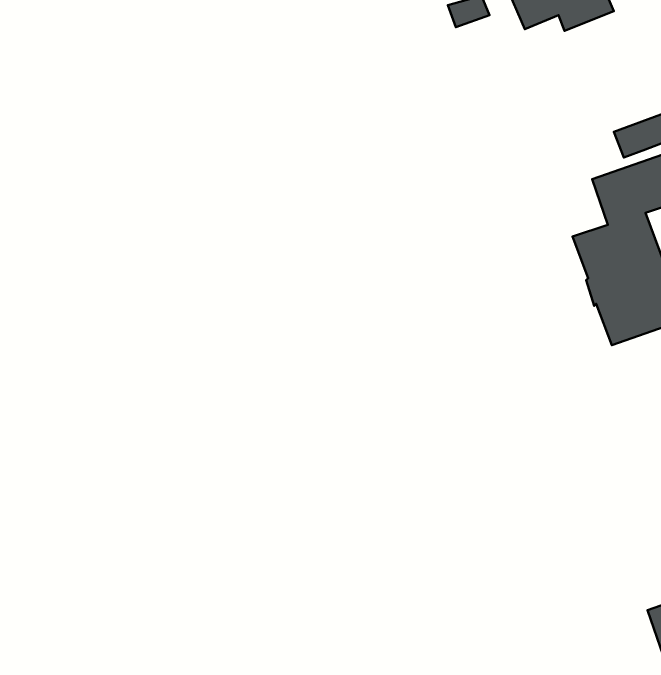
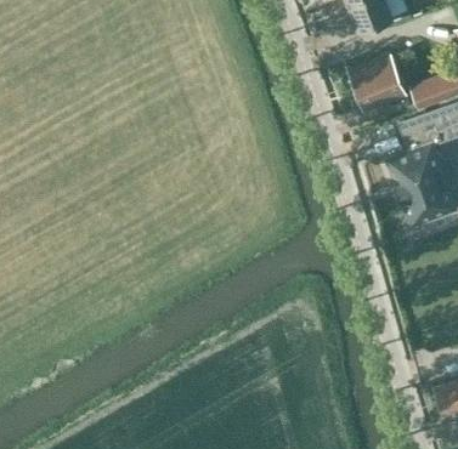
building: none -> [350,55,408,110]

